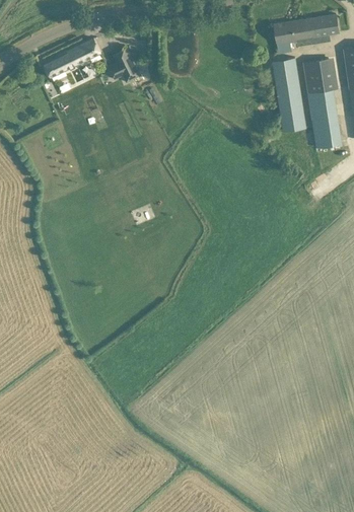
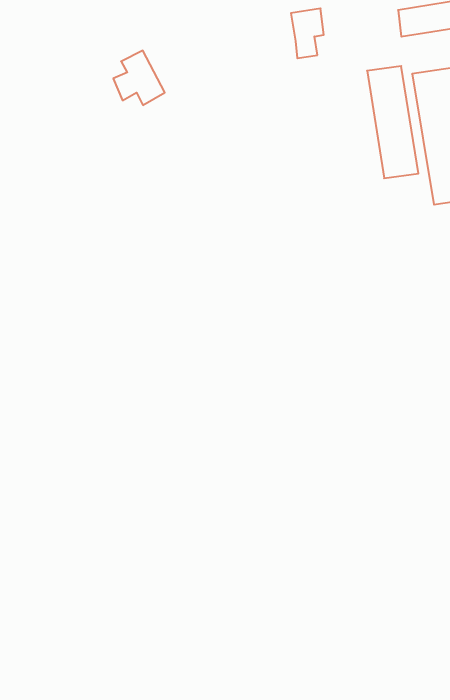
building: [273,21,294,54] -> [291,8,324,58]
building: [43,39,100,77] -> none

